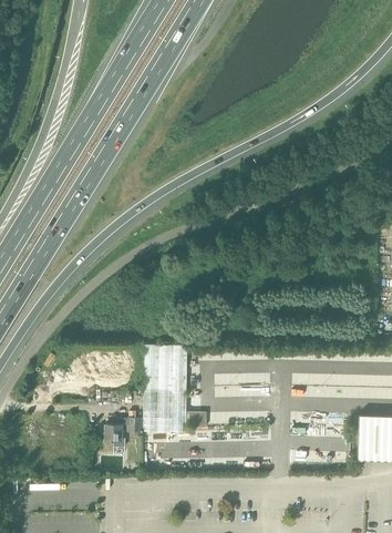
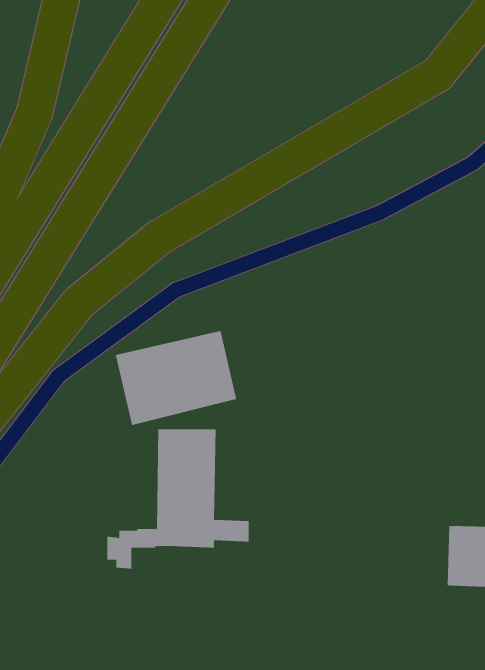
building: none -> [115,330,237,426]

